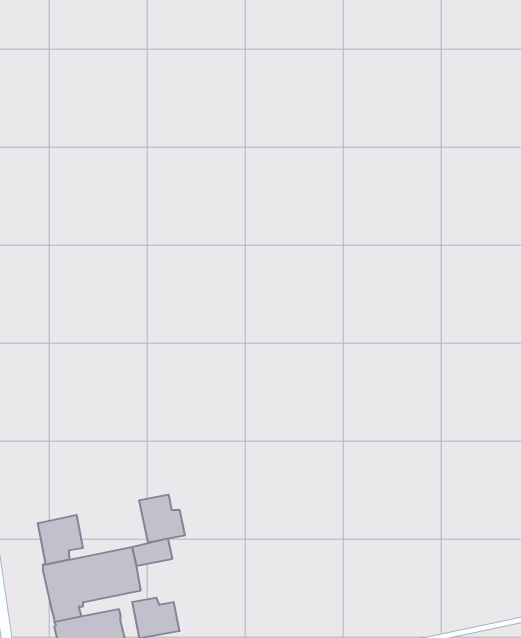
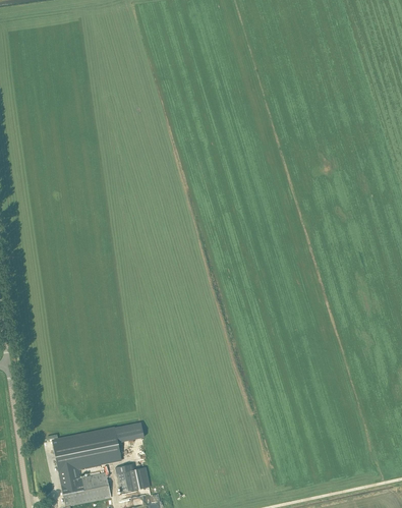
building: [139,495,185,542] -> none
building: [38,515,83,565] -> none

